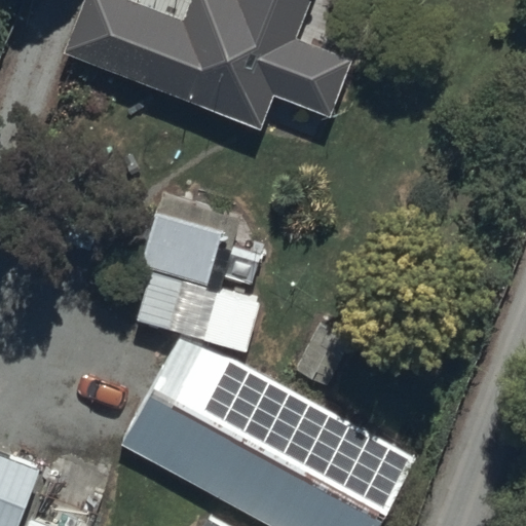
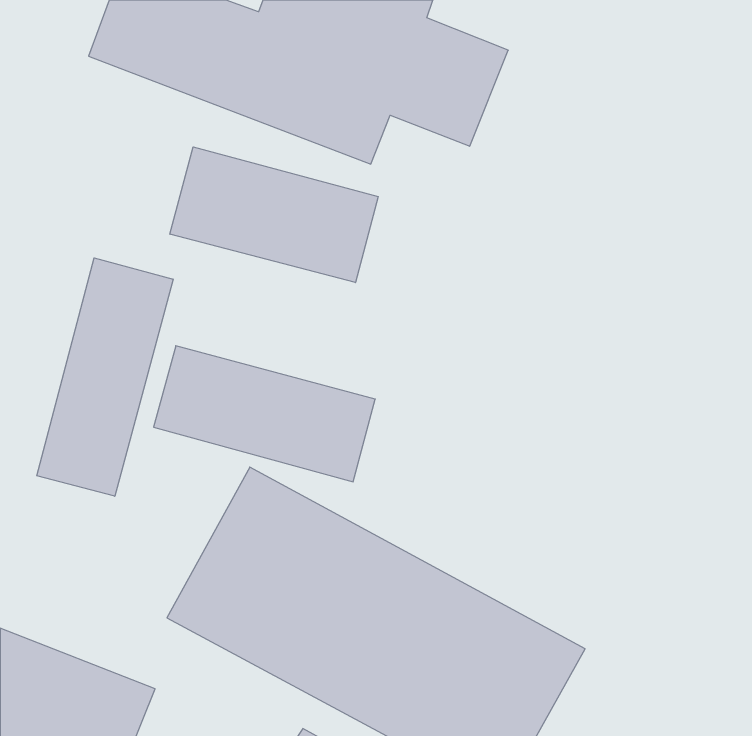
building: none -> [170,147,378,283]
building: none -> [37,258,173,496]

